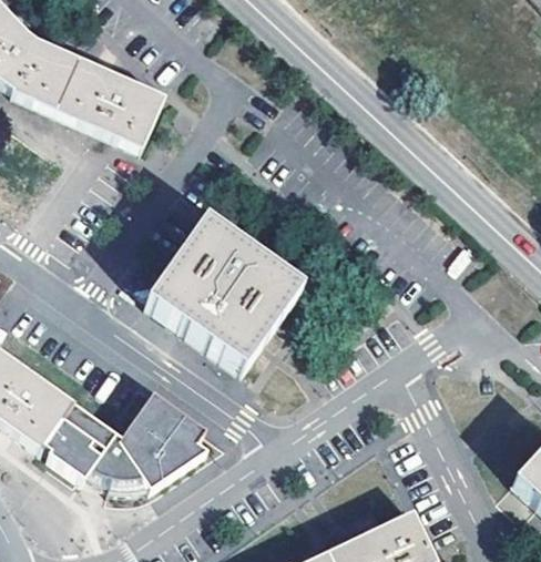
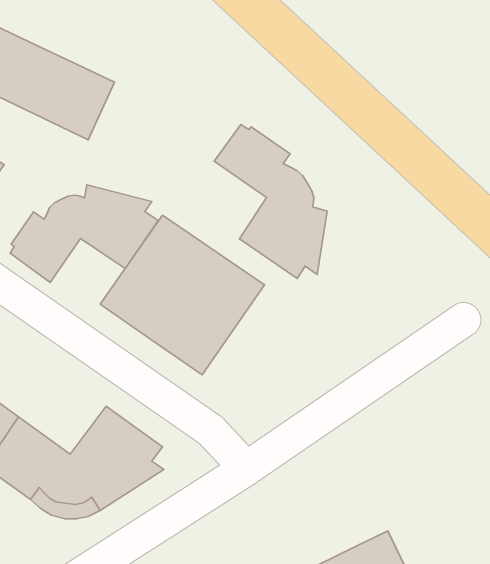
building: none -> [214,125,327,278]
building: none -> [10,185,158,282]

